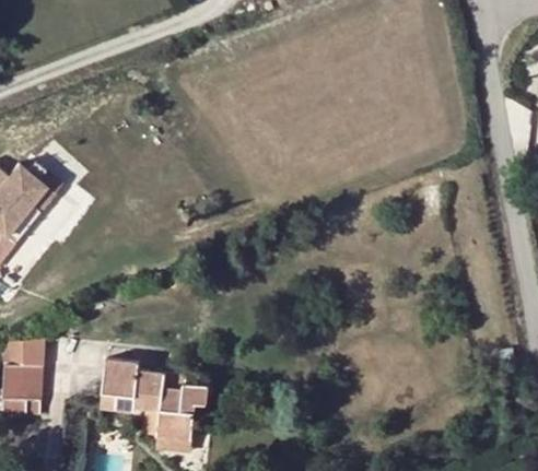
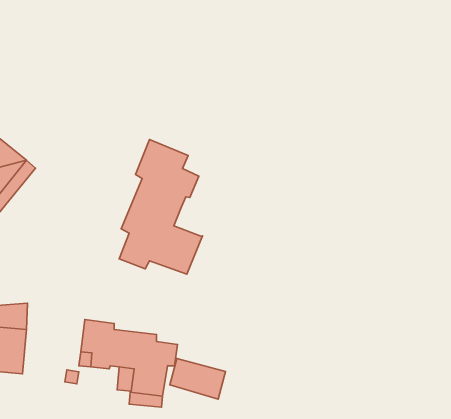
building: none -> [119,139,203,274]
building: none -> [170,359,226,399]

